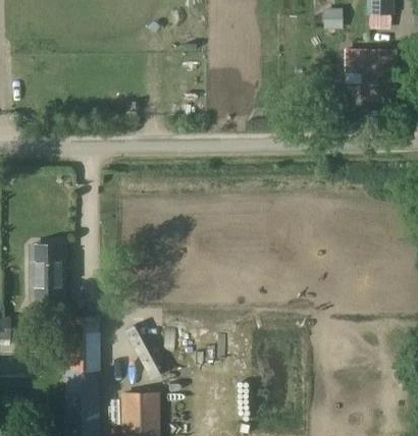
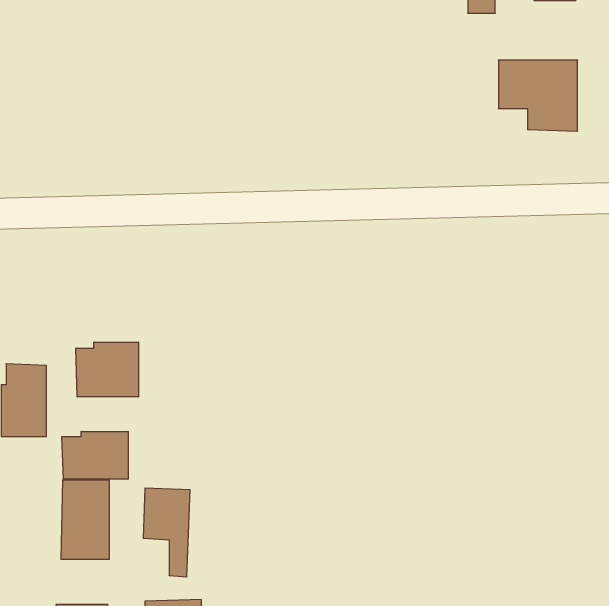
building: none -> [76,342,138,397]
building: none -> [62,431,128,479]

